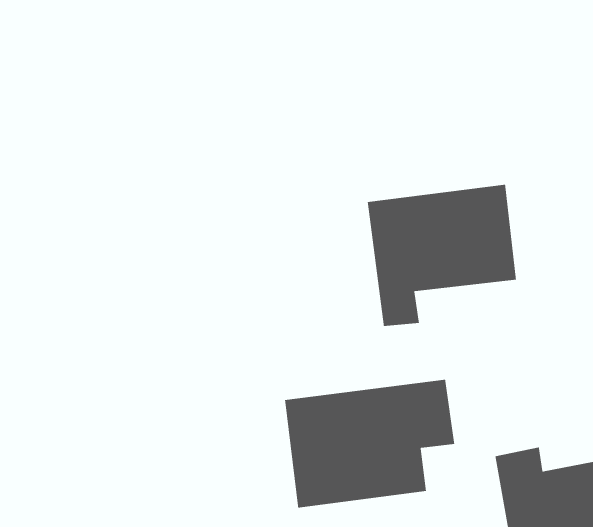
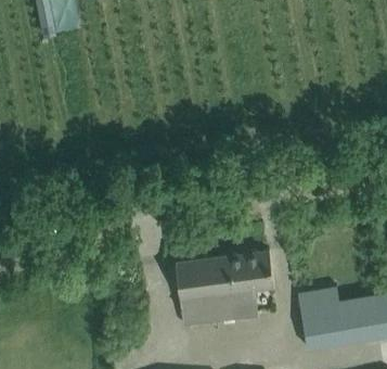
building: [367,184,517,327] -> none

